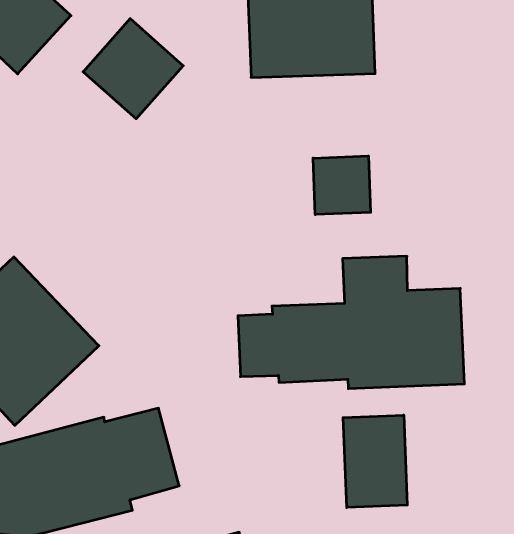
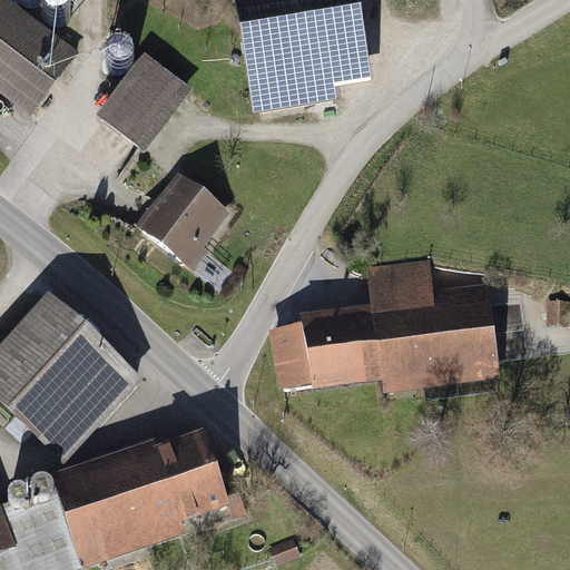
building: none -> [140,171,240,268]
building: [313,156,371,215] -> none
building: [343,415,407,508] -> none

